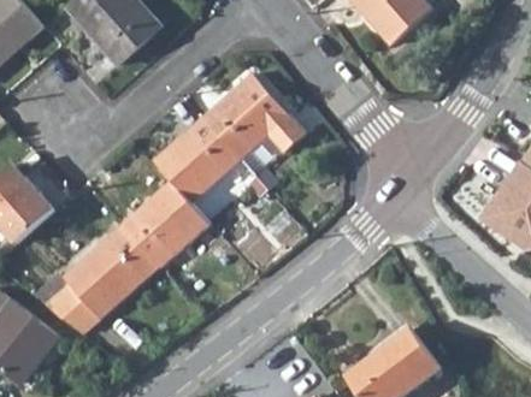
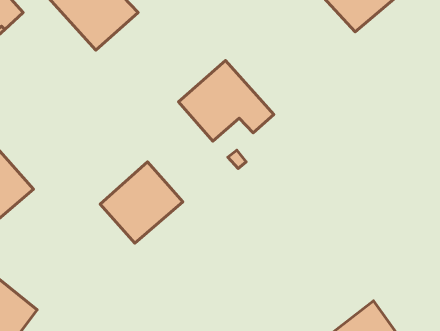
building: [155,118,241,202] -> none
building: [33,225,159,333] -> none

